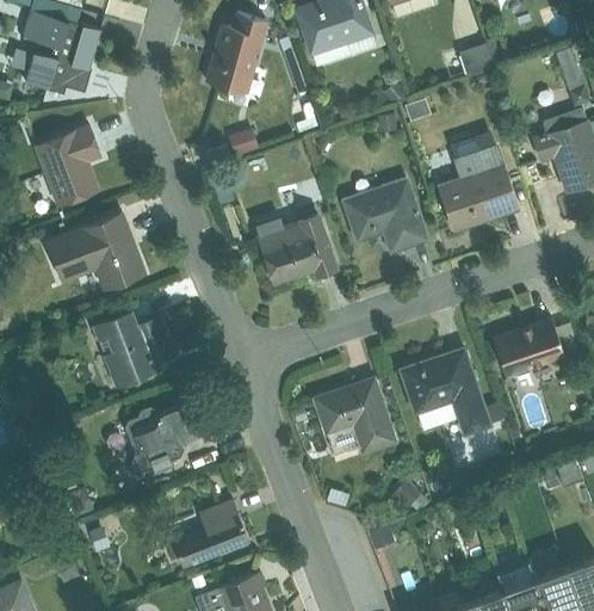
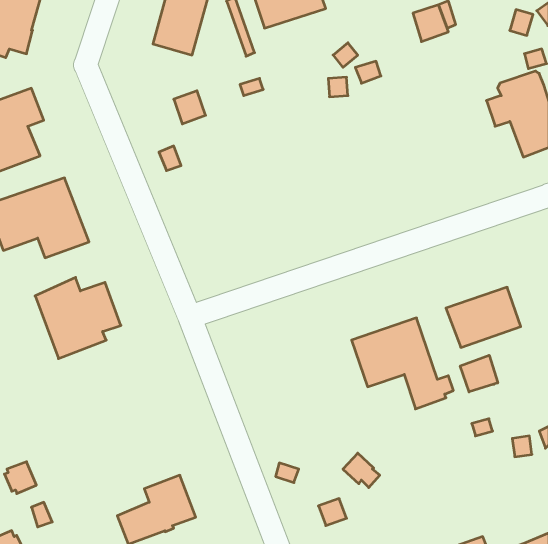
building: [438,131,518,230] -> none
building: [341,178,427,252] -> none
building: [256,216,336,282] -> none
building: [315,379,396,456] -> none
building: none -> [460,355,498,392]
building: [124,400,206,475] -> none

